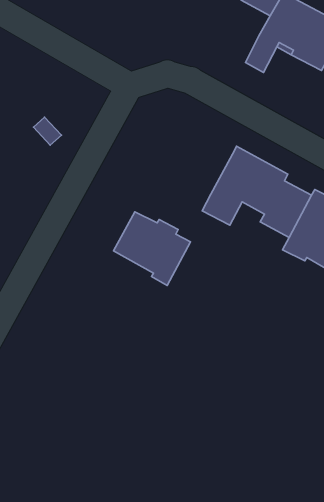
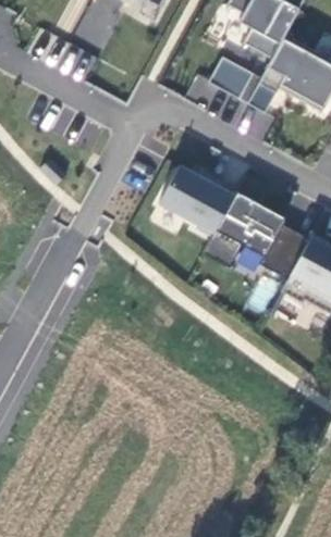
building: none -> [207,57,260,104]
building: [113,212,190,285] -> [161,161,236,233]

